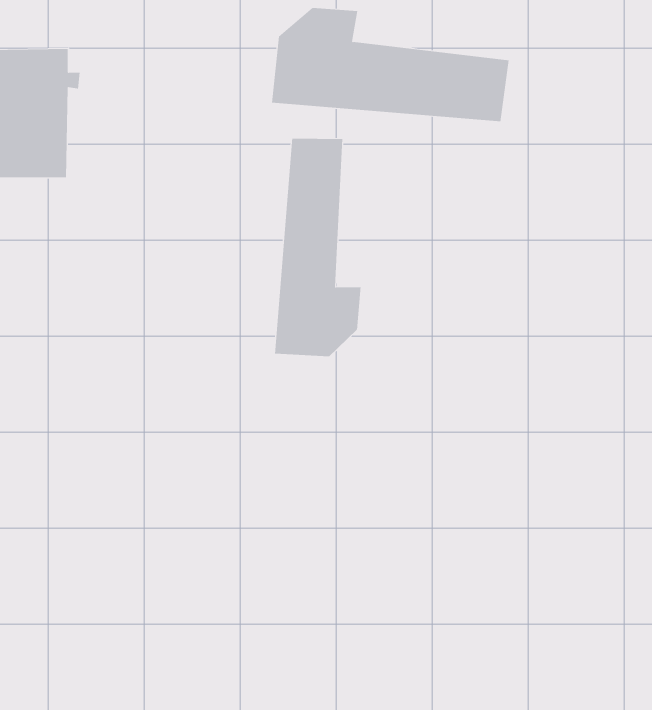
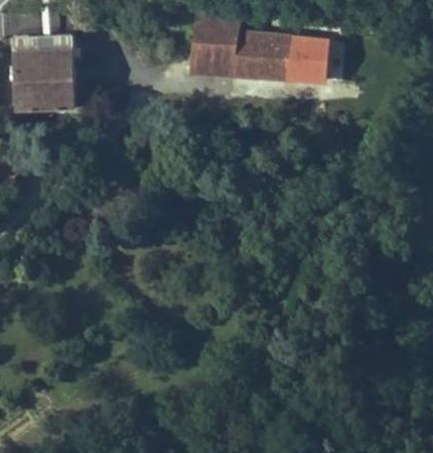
building: [274,138,361,357] -> none

